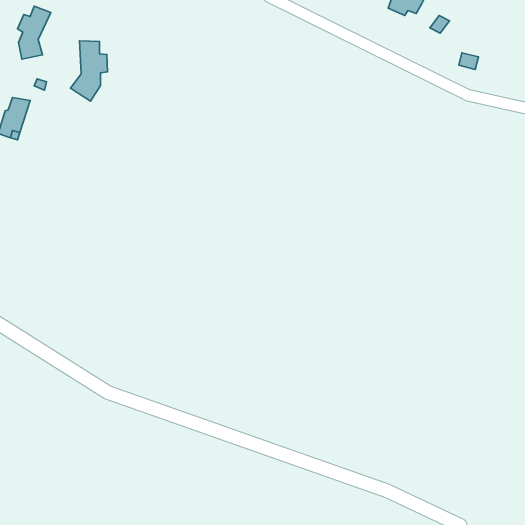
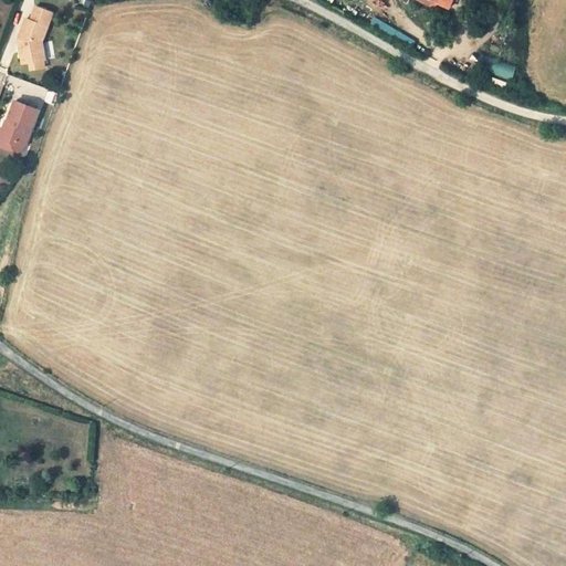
building: [70,41,107,101] -> none

